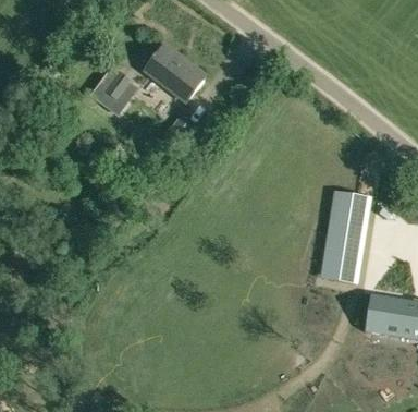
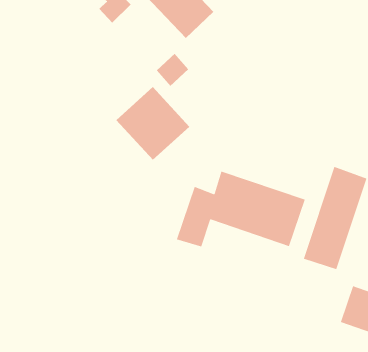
building: none -> [116,86,190,161]
building: none -> [176,171,306,247]

